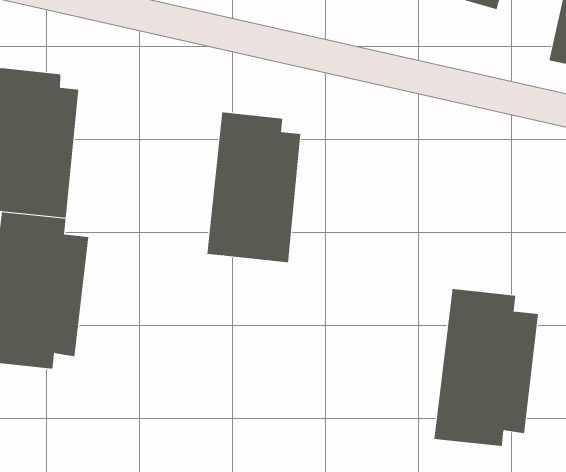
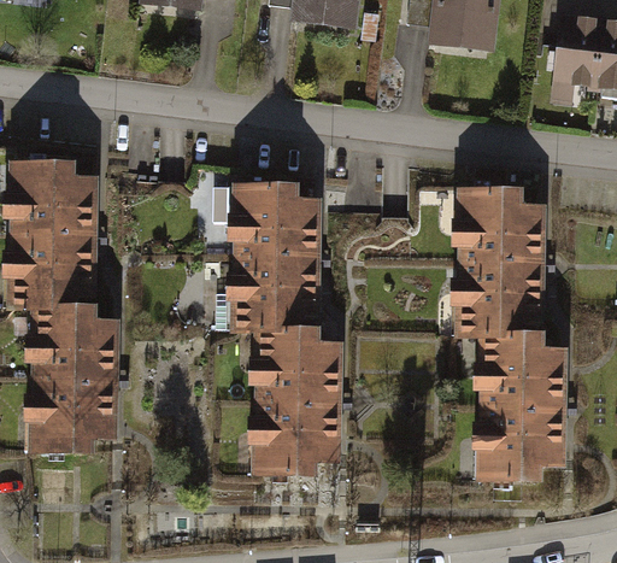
building: none -> [460,190,542,332]
building: none -> [249,323,340,473]

